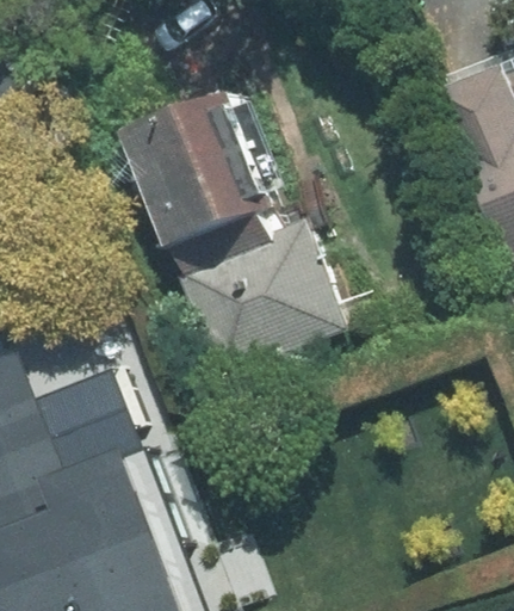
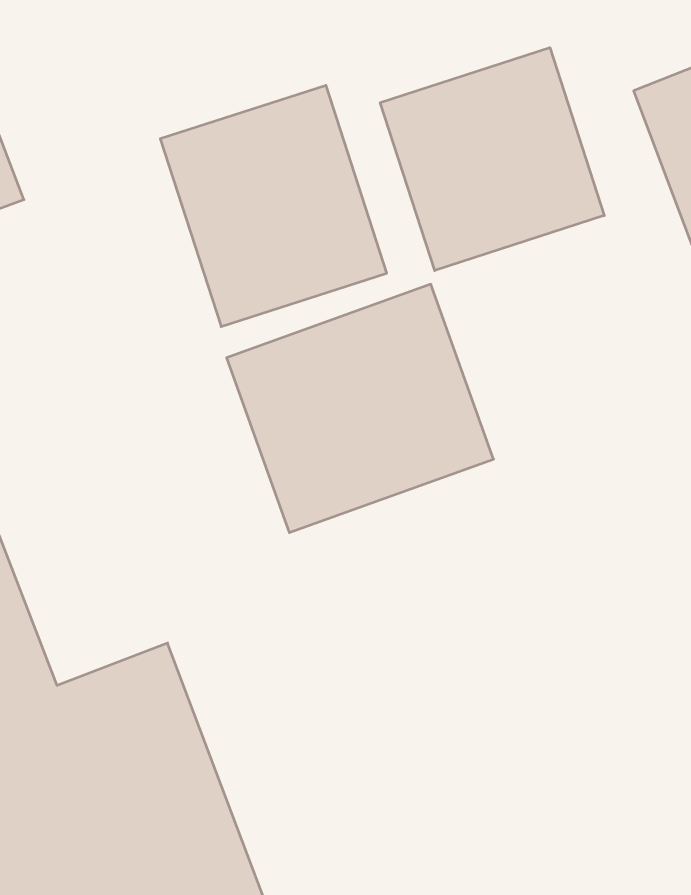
building: none -> [380,48,604,271]

